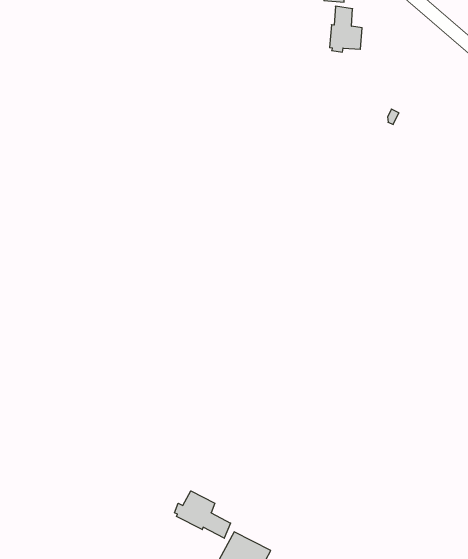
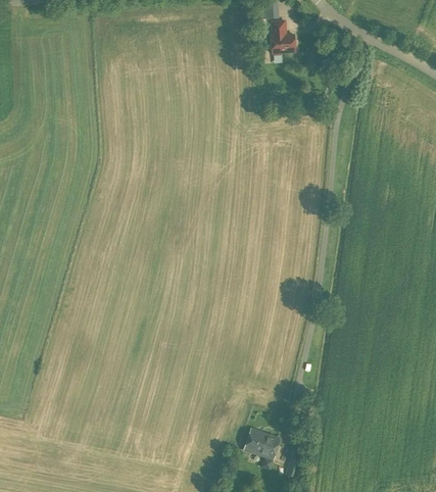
building: [174,491,231,538] -> none

